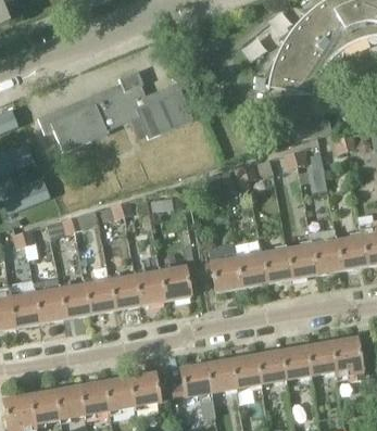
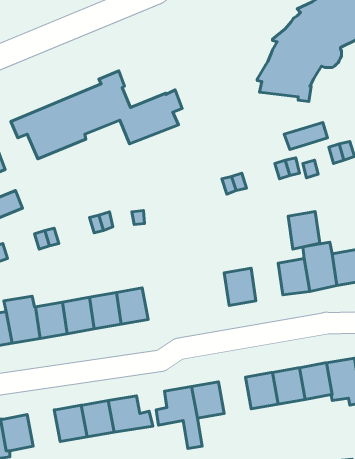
building: [261,249,290,283] -> [288,212,320,249]
building: [201,257,240,291] -> none
building: [160,265,198,301] -> none
building: [230,354,261,388] -> none
building: [53,384,84,418] -> none

